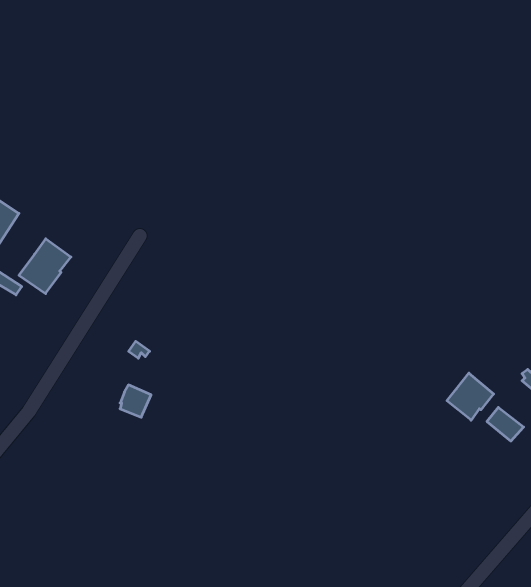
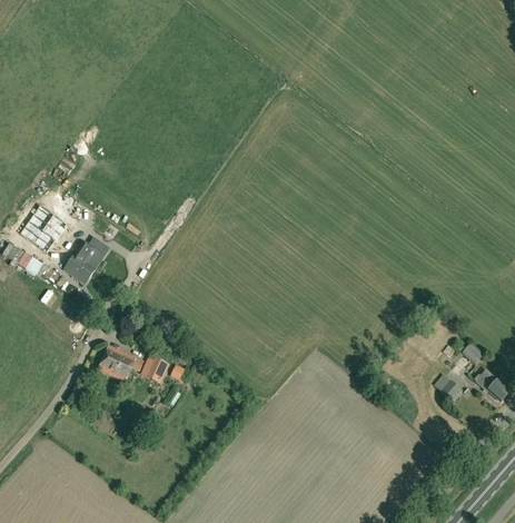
building: none -> [98,346,142,382]
building: [447,373,494,420] -> none

